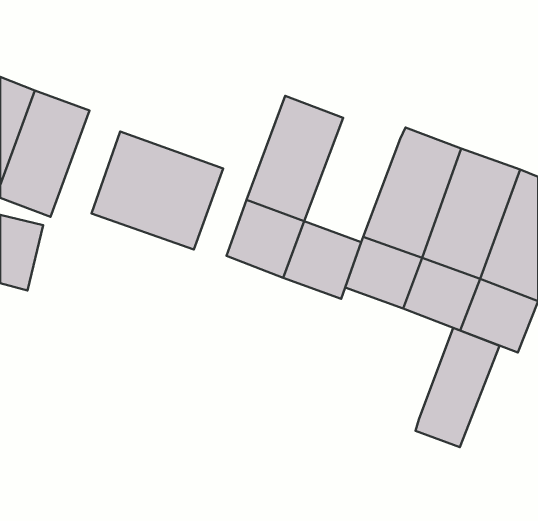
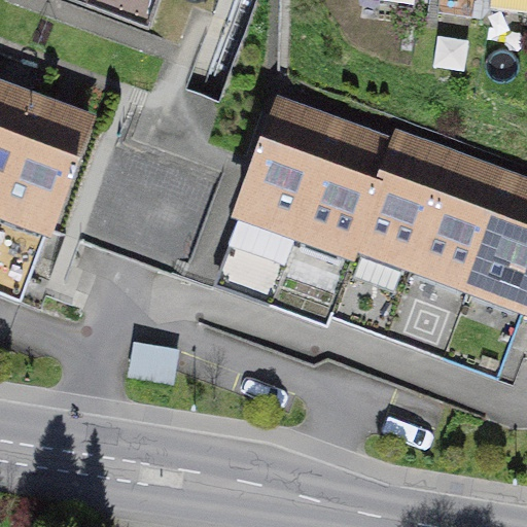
building: none -> [297,115,391,237]
building: [415,328,499,447] -> none

